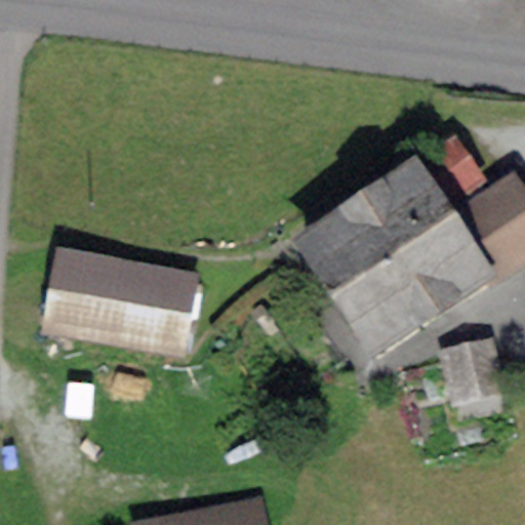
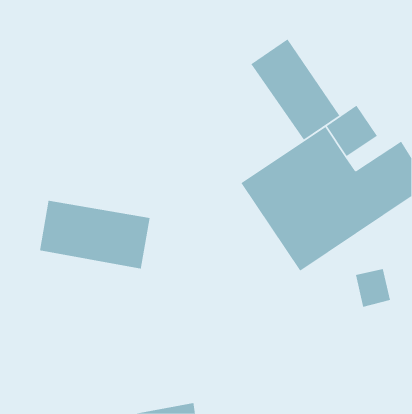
building: none -> [251,39,340,141]

